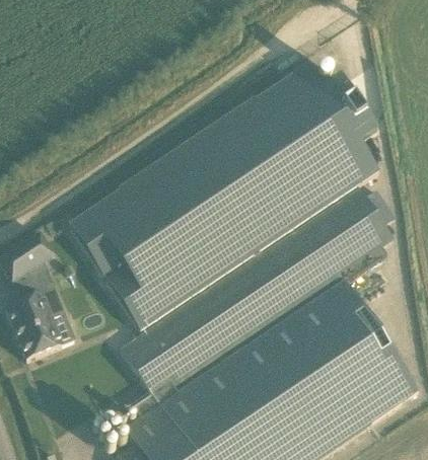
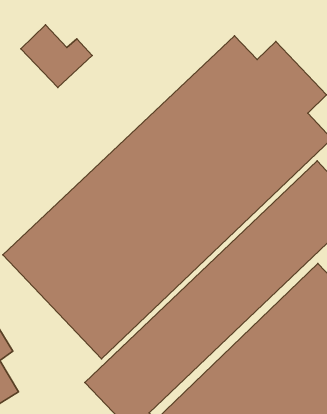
building: none -> [21,25,92,88]

